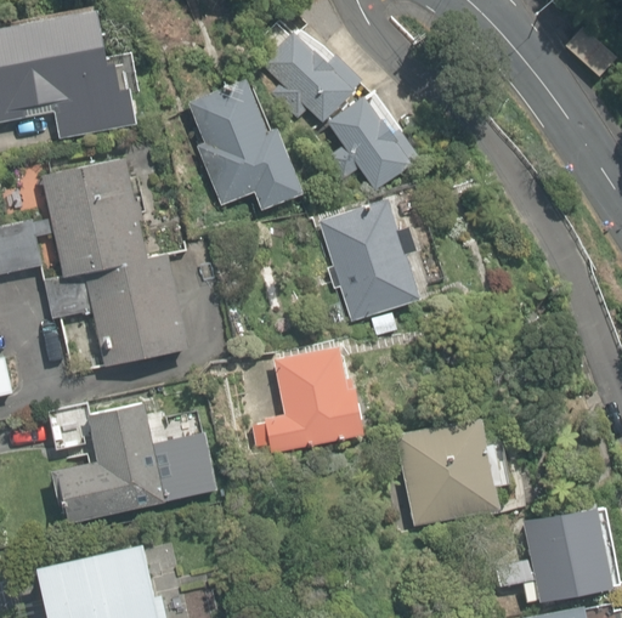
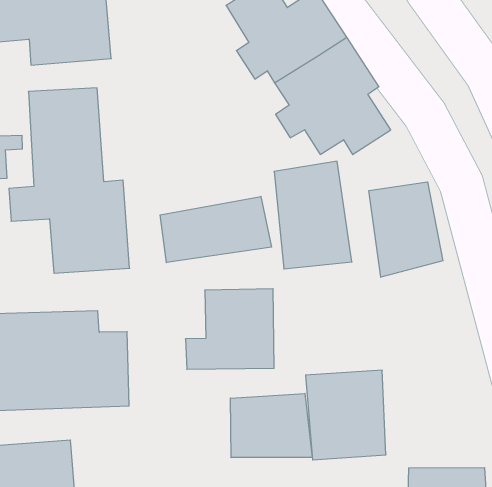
building: [188,80,305,215] -> none
building: none -> [369,182,443,277]
building: none -> [160,196,271,263]
building: none -> [230,393,312,458]

